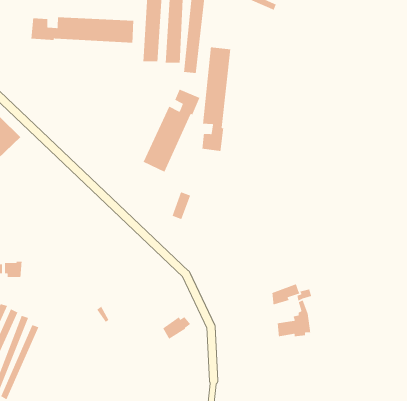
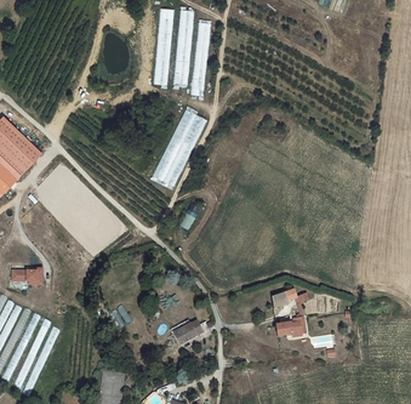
building: [31,16,134,44] -> none
building: [201,47,231,152] -> none

